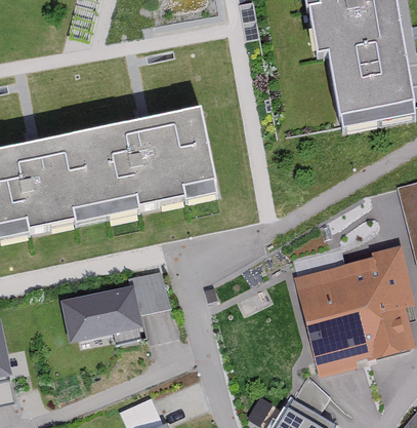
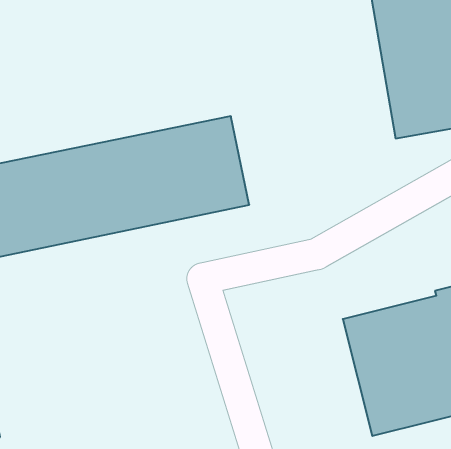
building: [67,268,169,335] -> none

